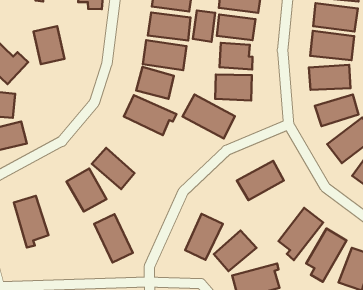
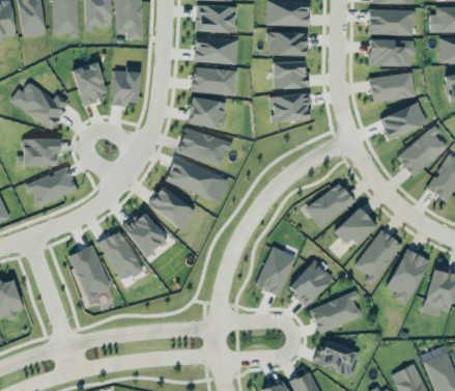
building: [193,10,215,42] -> none
building: none -> [112,66,140,106]
building: [182,95,235,138] -> [165,157,221,200]
building: none -> [337,207,377,248]
building: [94,214,133,262] -> [98,230,143,282]

